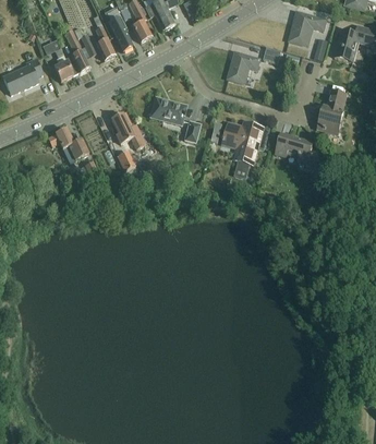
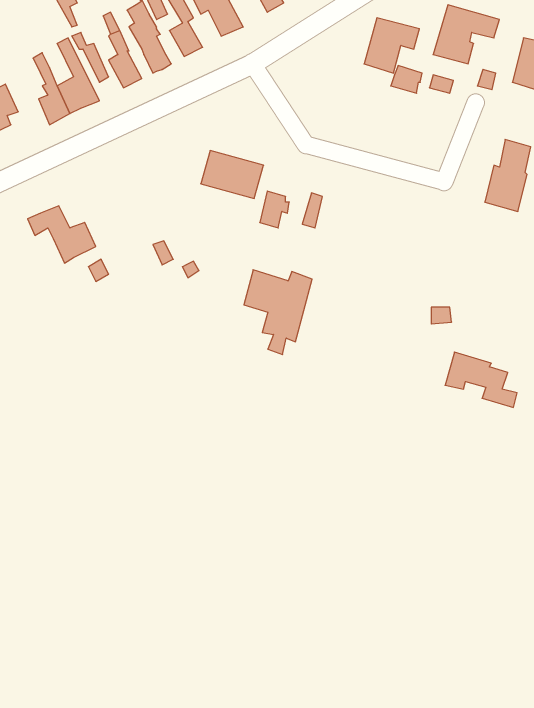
building: [226,51,258,84] -> [364,18,419,73]
building: [110,112,145,149] -> none
building: [222,122,263,172] -> [244,270,312,355]
building: [275,133,317,166] -> [445,352,517,407]

